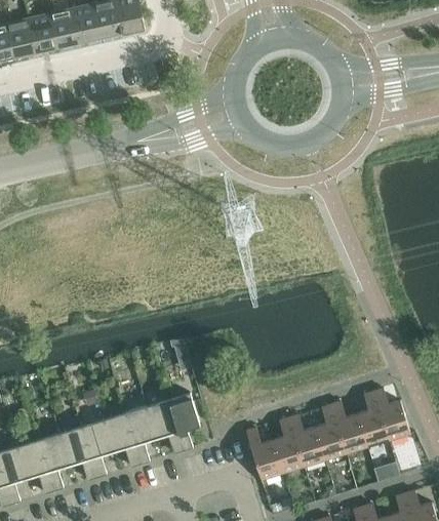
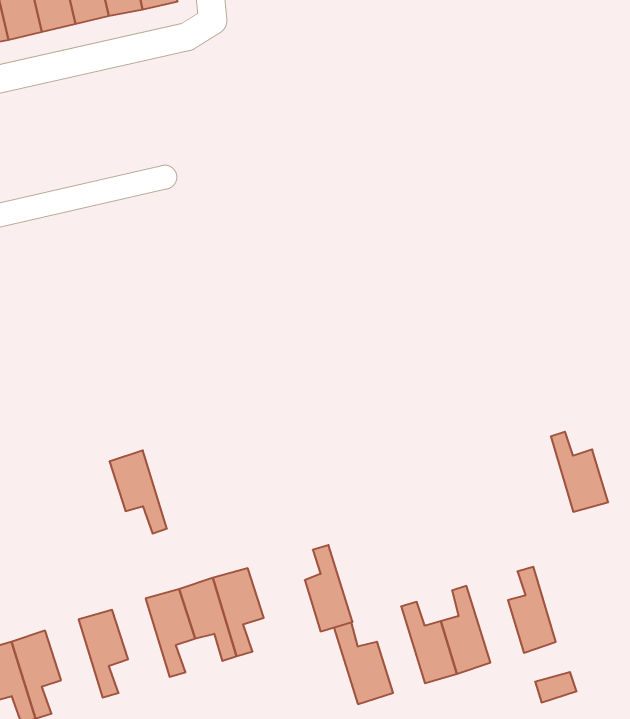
building: [373,389,410,440] -> [551,432,608,512]
building: [330,401,367,453] -> none
building: [103,412,139,466] -> [109,450,167,533]
building: [273,417,304,473] -> [305,545,353,631]
building: [59,426,96,479] -> none

